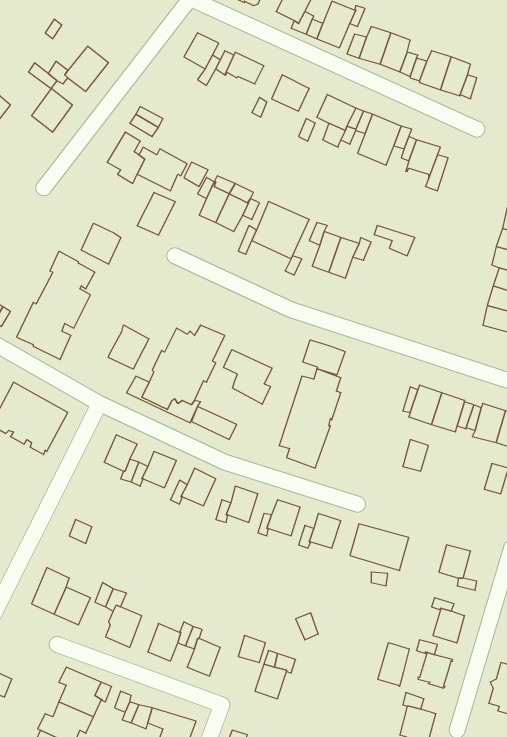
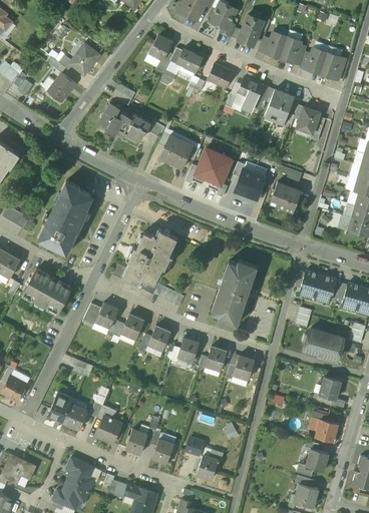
building: [137,192,175,235] -> none
building: [81,223,121,264] -> none
building: none -> [270,181,302,212]
building: [108,325,149,369] -> none
building: [303,340,345,375] -> none
building: [224,350,272,404] -> none
building: [350,524,409,571] -> [304,329,343,360]
building: [378,643,409,686] -> none

